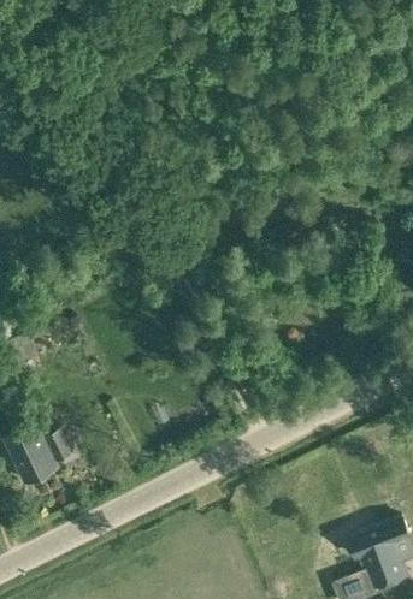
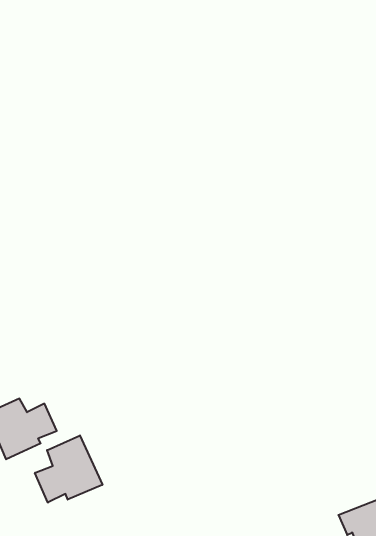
building: none -> [35,435,102,503]

